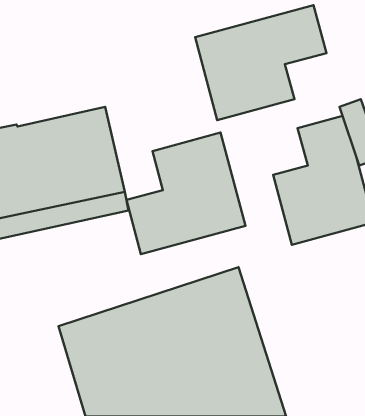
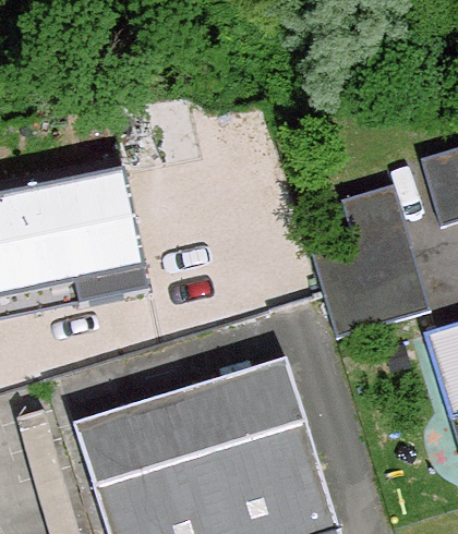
building: [195,5,326,120] -> none
building: [126,133,245,254] -> none

